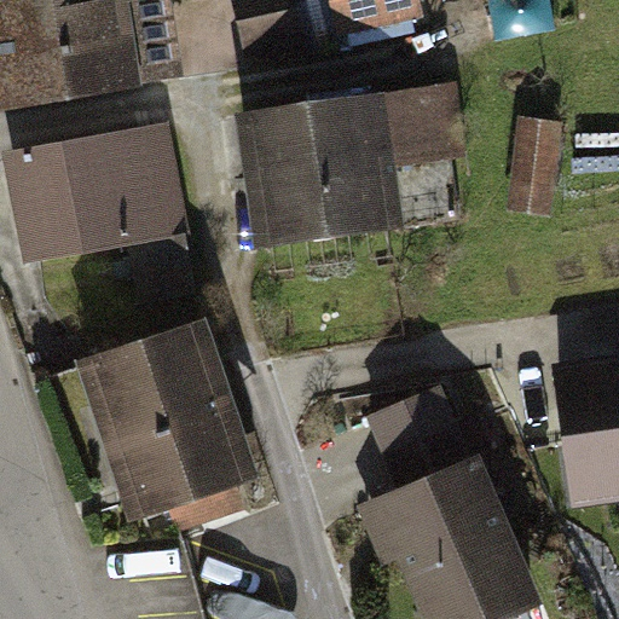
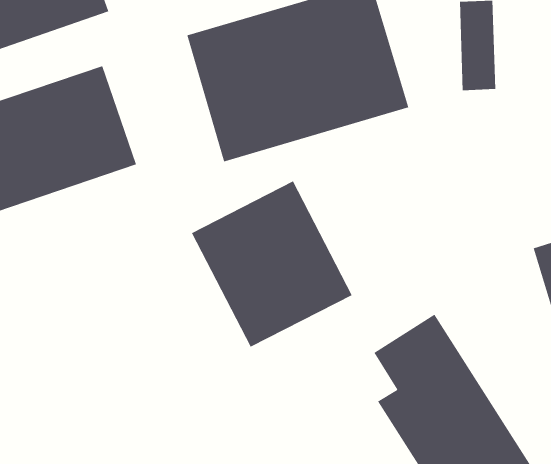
building: none -> [191,180,352,348]
building: [93,330,238,510] -> none

